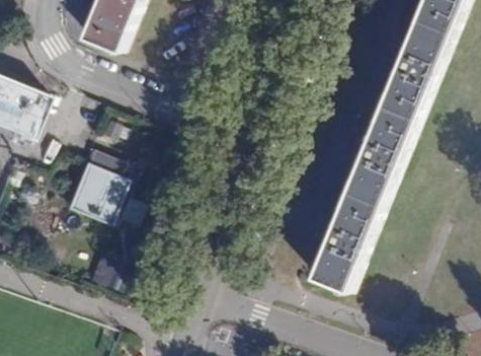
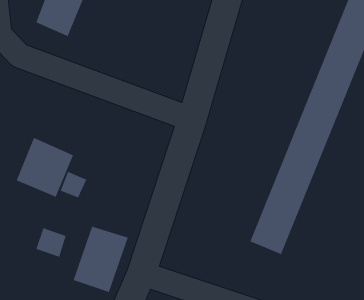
building: none -> [73,226,129,293]

